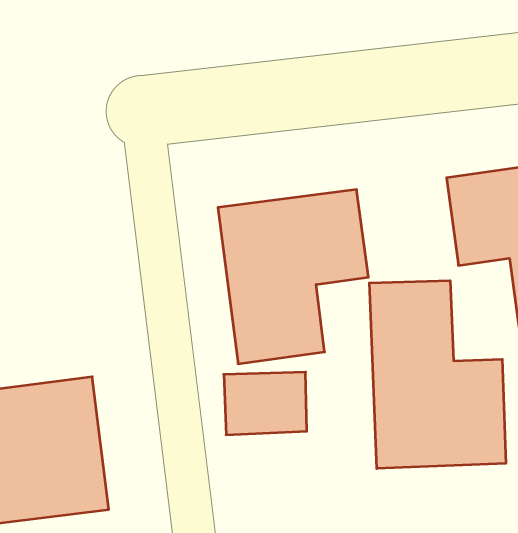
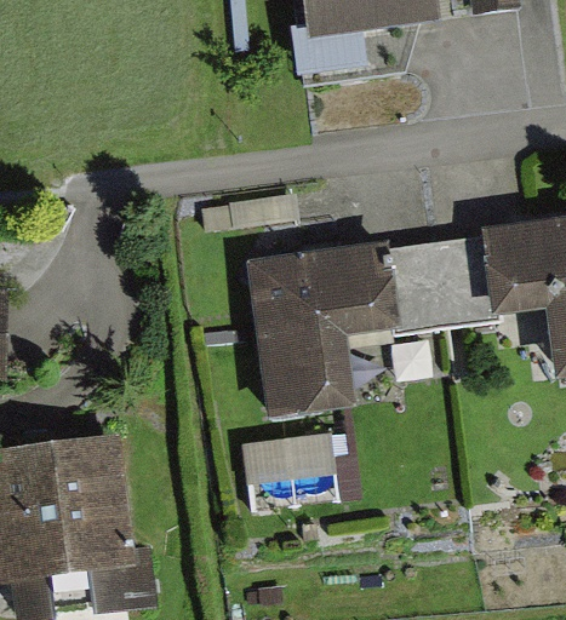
building: none -> [390,229,494,331]
building: [369,281,506,469] -> none

